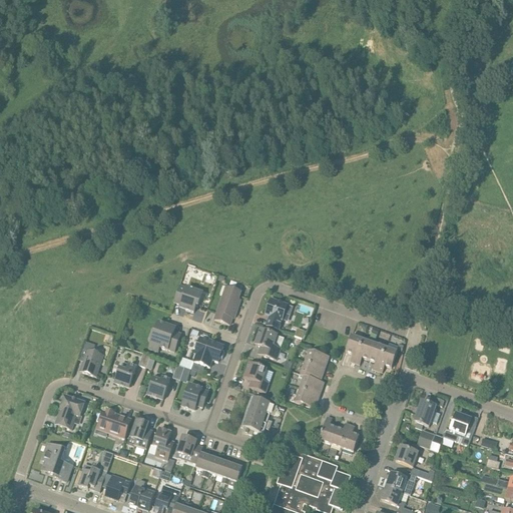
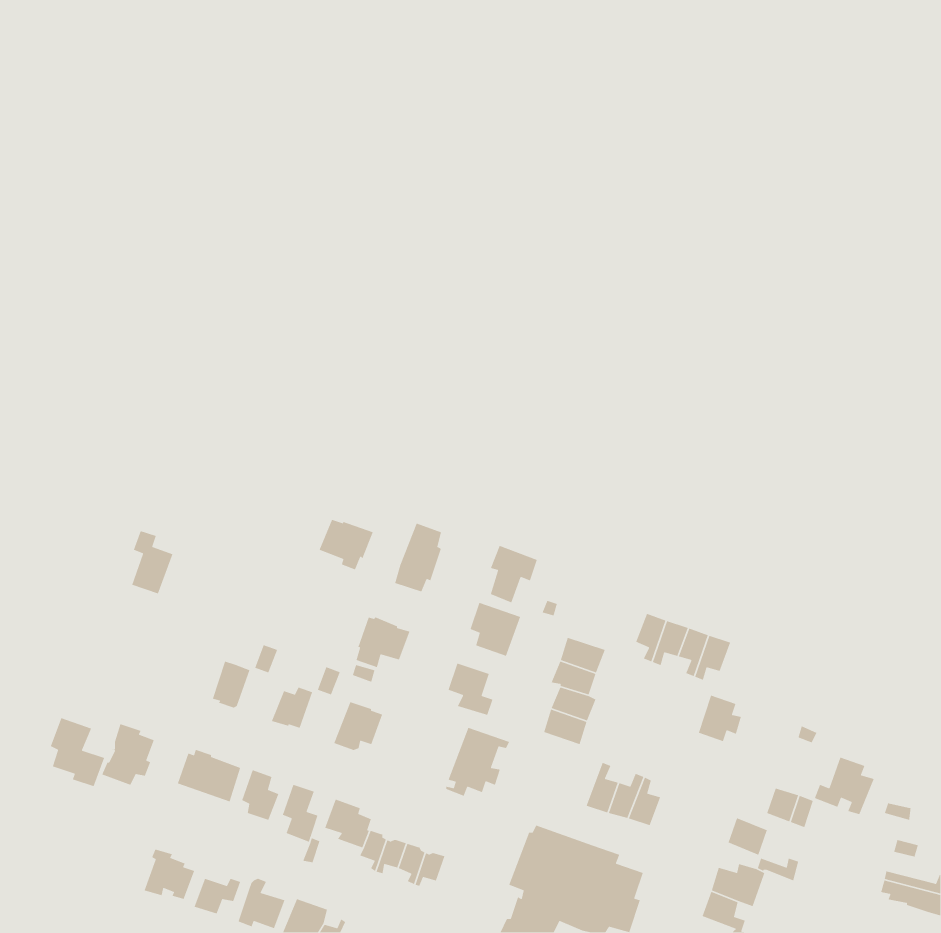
building: [148,320,181,351] -> none
building: [80,340,103,375] -> [131,530,173,594]
building: [415,400,439,426] -> [698,694,742,742]
building: [42,442,72,480] -> [50,717,105,787]

